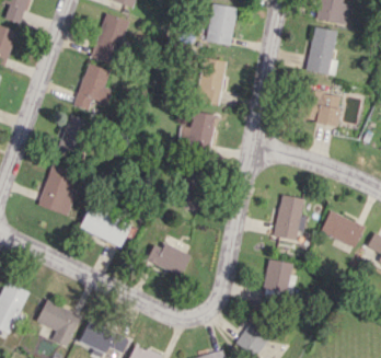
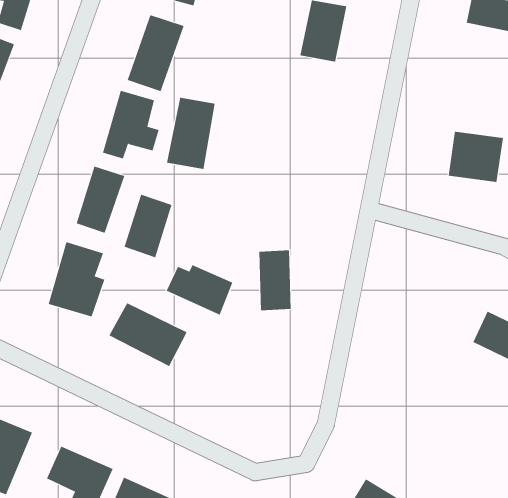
building: [307,26,338,76] -> none
building: [194,57,227,105] -> [166,97,216,169]
building: [178,112,215,149] -> none
building: none -> [124,194,172,258]
building: [275,195,308,242] -> none
building: [146,243,190,277] -> [166,264,233,315]
building: [263,258,297,299] -> none

